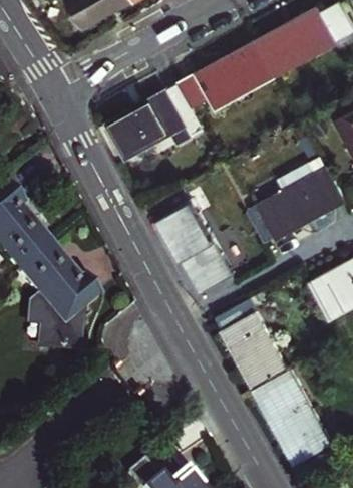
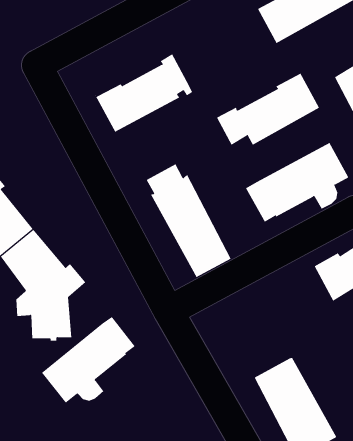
building: [180,38,277,106] -> [216,73,320,145]
building: [219,297,289,385] -> none
building: none -> [41,316,136,404]

